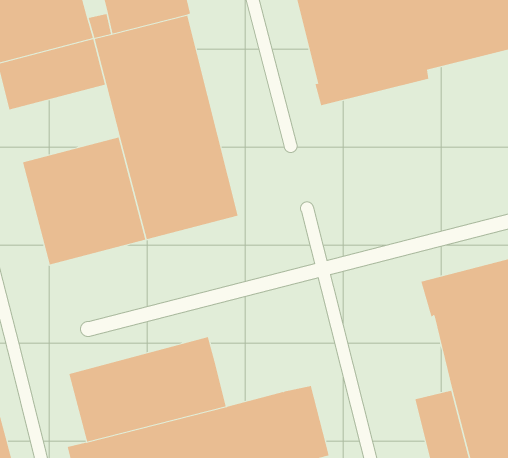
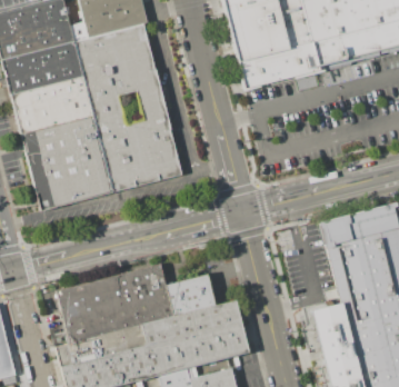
building: none -> [11,76,93,133]
building: none -> [166,275,216,316]

